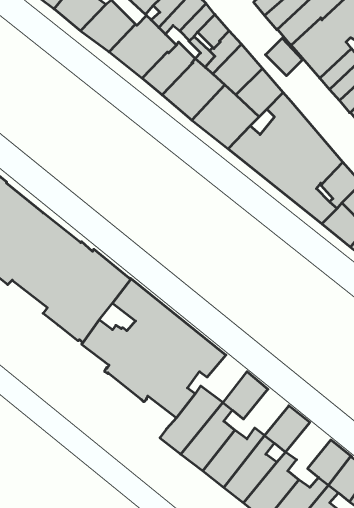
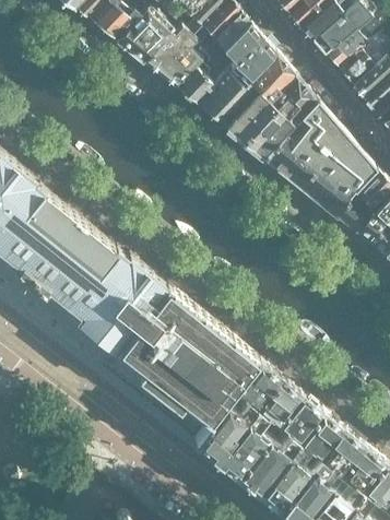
building: [265,38,303,76] -> none
building: none -> [232,361,277,407]
building: none -> [274,394,319,440]
building: none -> [316,427,361,473]

